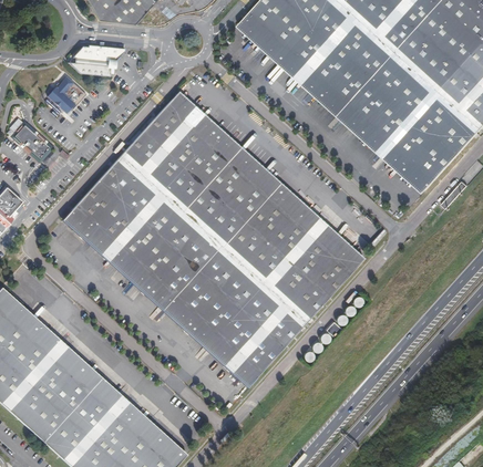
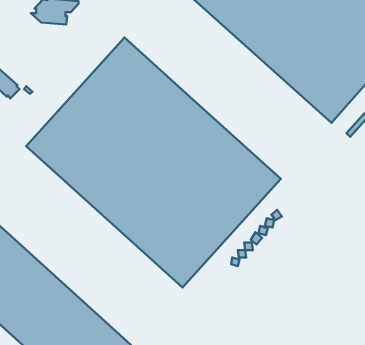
building: [47,75,86,113] -> none

